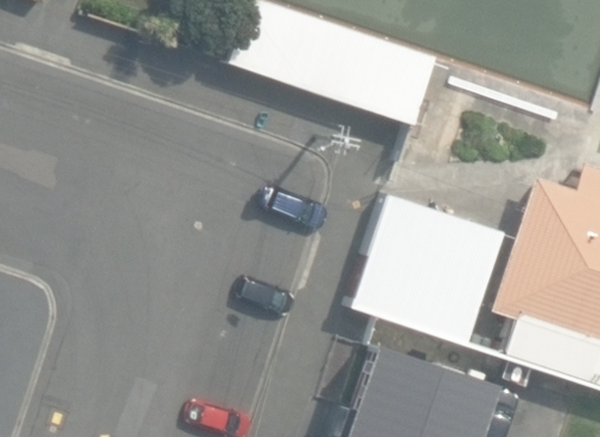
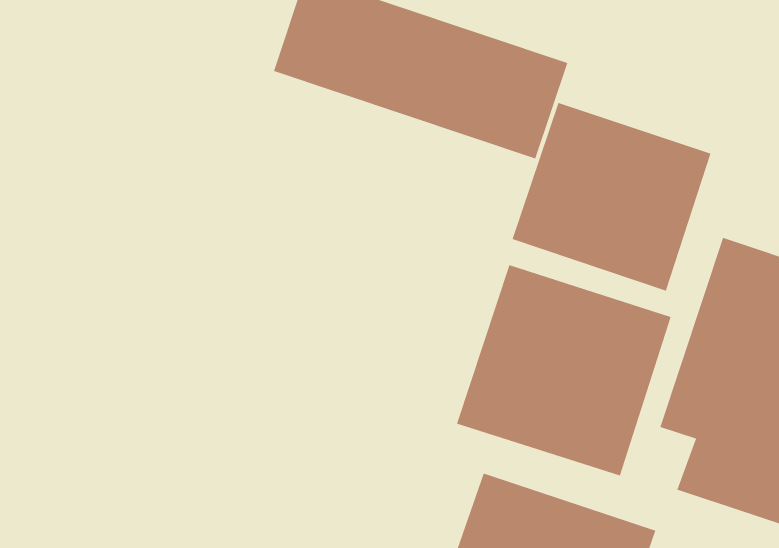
building: none -> [512,102,711,291]

